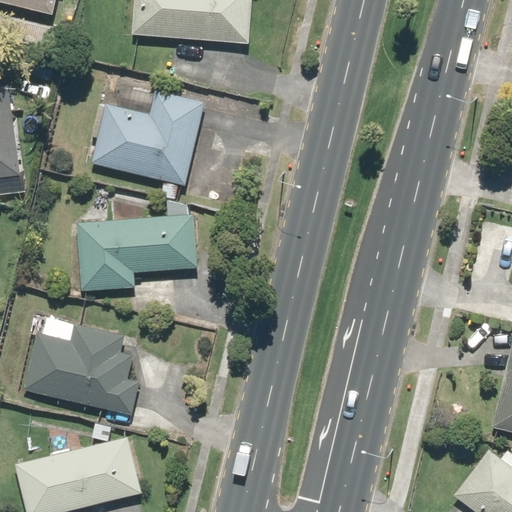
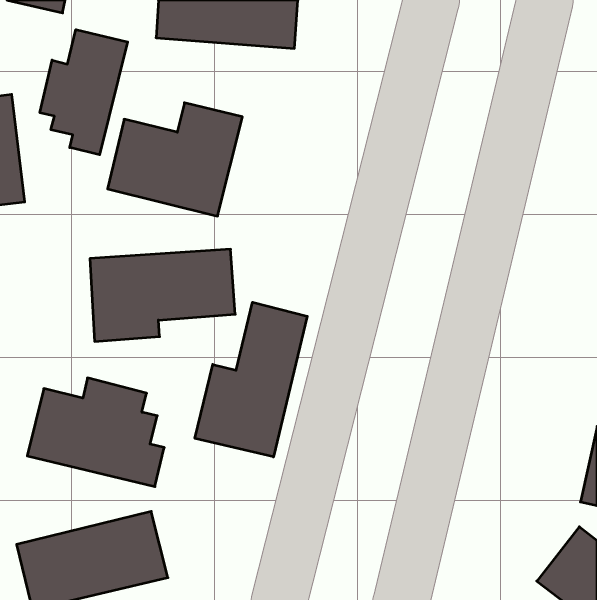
building: none -> [40,30,128,155]
building: none -> [195,302,307,457]

